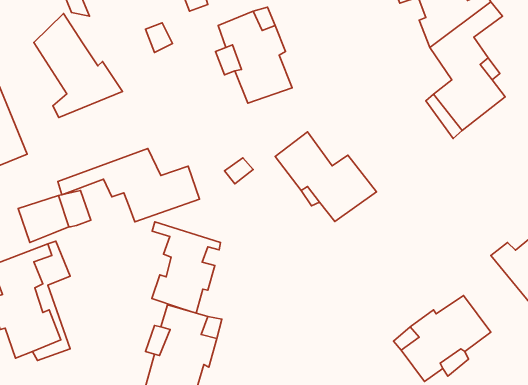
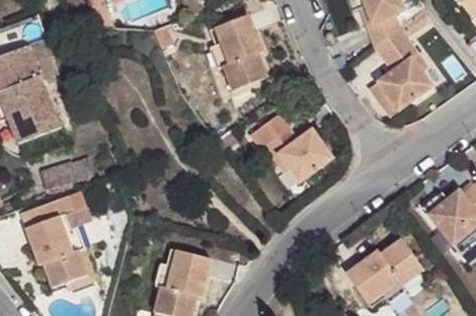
building: [34,13,122,117] -> none
building: [58,149,200,222] -> none
building: [152,222,221,313] -> none

